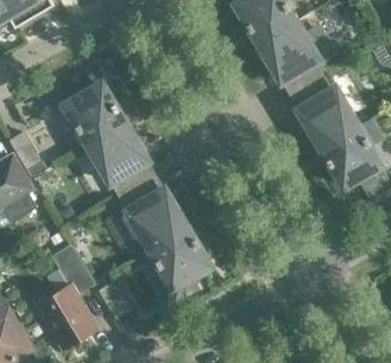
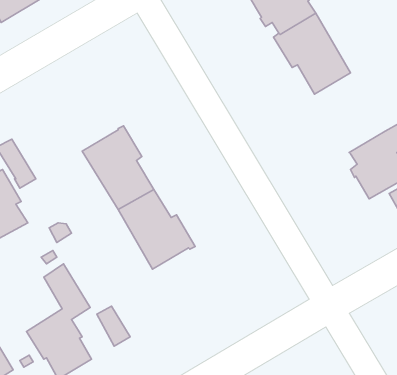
building: [294,74,357,149] -> none
building: [63,83,118,144] -> none
building: [149,230,209,305] -> none

